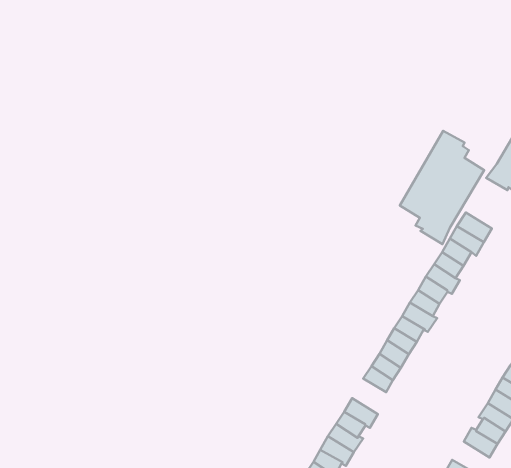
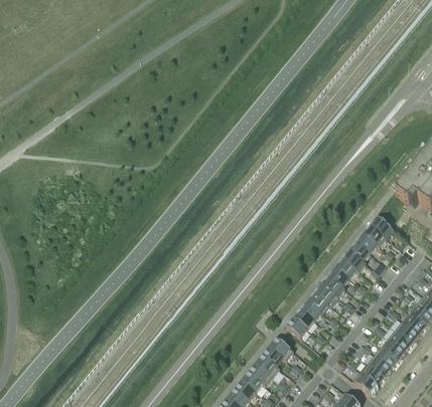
building: [400,131,484,244] -> none

